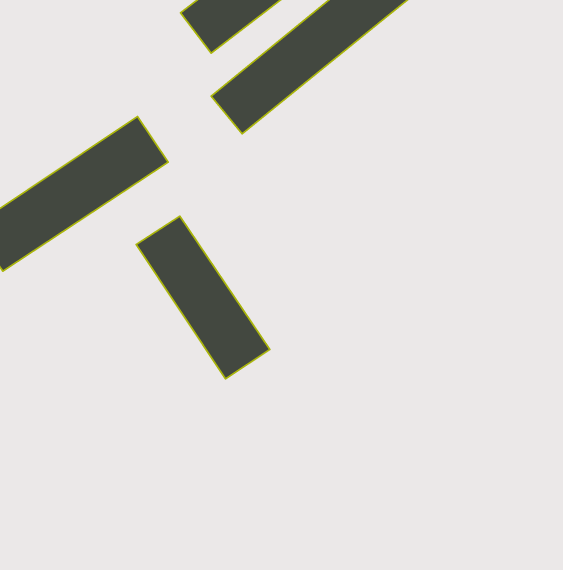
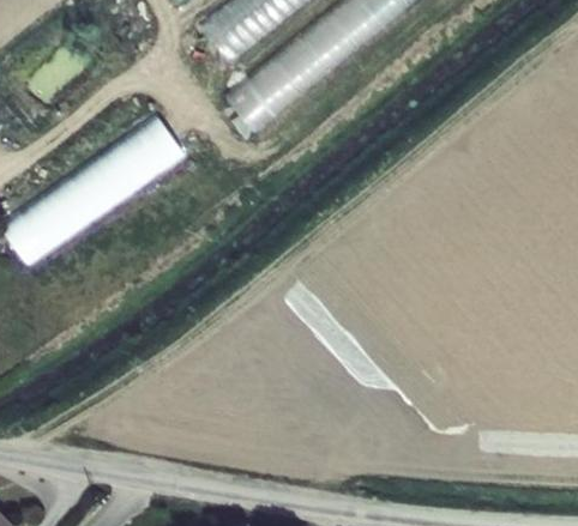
building: [136,216,270,379] -> none

